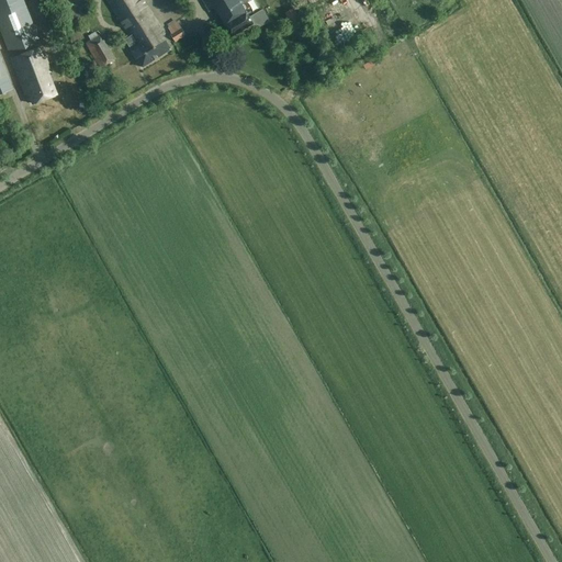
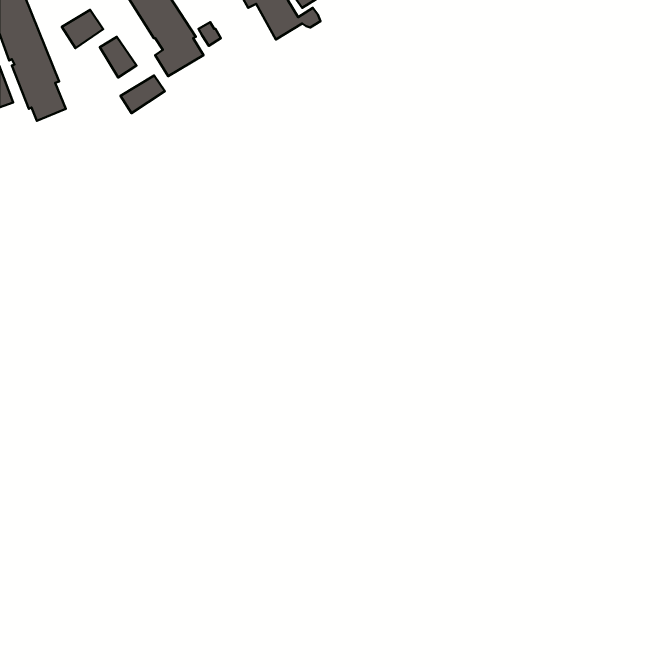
building: none -> [62,10,103,48]
building: none -> [120,75,165,113]

